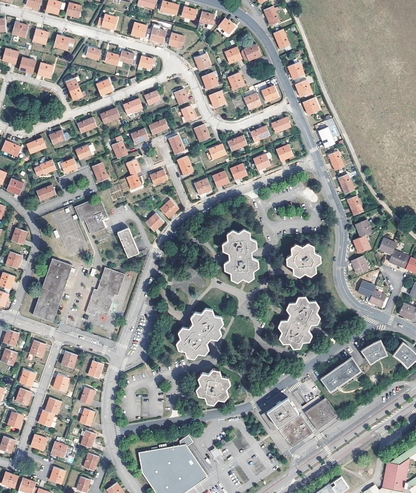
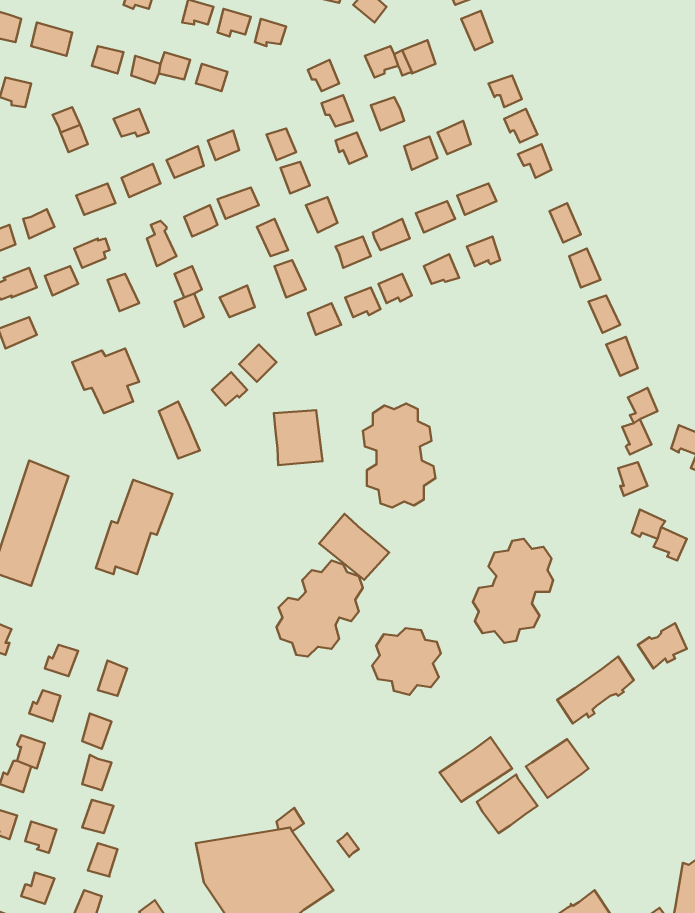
building: none -> [274,410,322,465]
building: [287,243,322,276] -> none
building: none -> [319,514,389,580]
building: [197,370,232,404] -> [372,628,441,695]

